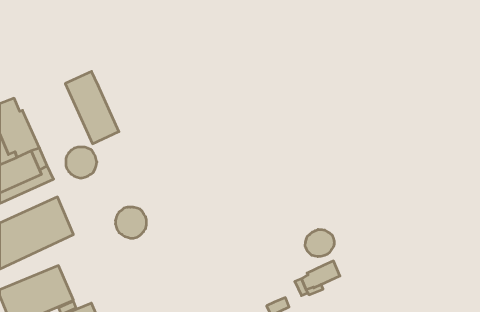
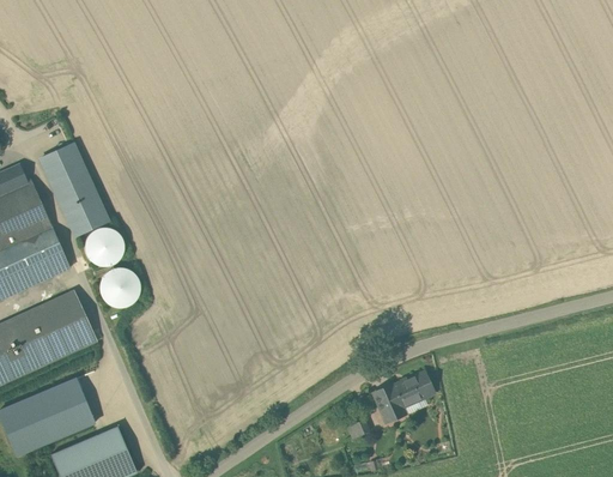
building: [65,71,119,144] -> [40,144,108,236]
building: [115,207,146,238] -> [99,268,139,308]
building: [305,229,334,257] -> none

